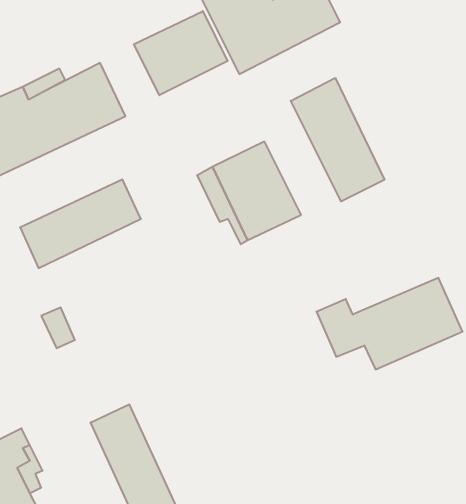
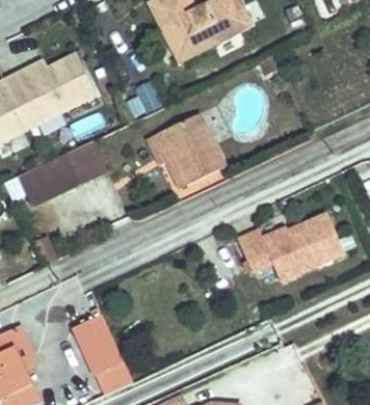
building: [134,11,227,95] -> none
building: [291,78,384,201] -> none

